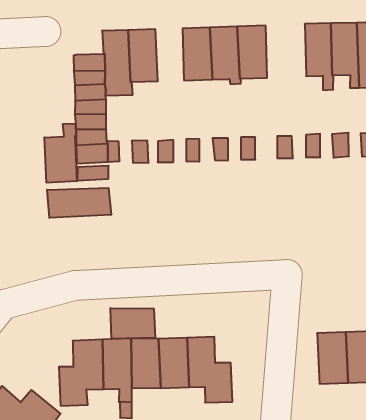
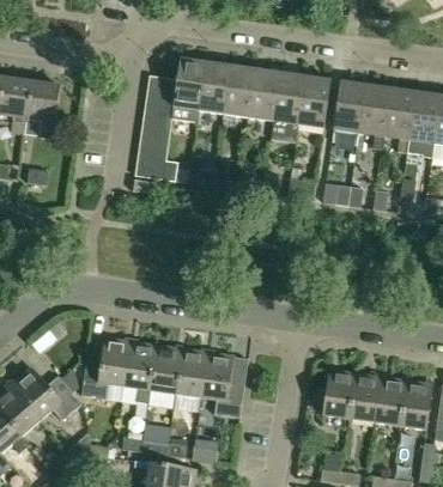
building: none -> [330,80,366,147]
building: none -> [223,65,254,116]
building: [44,124,77,183] -> none
building: [47,188,111,218] -> none
building: [110,308,155,339] -> none

